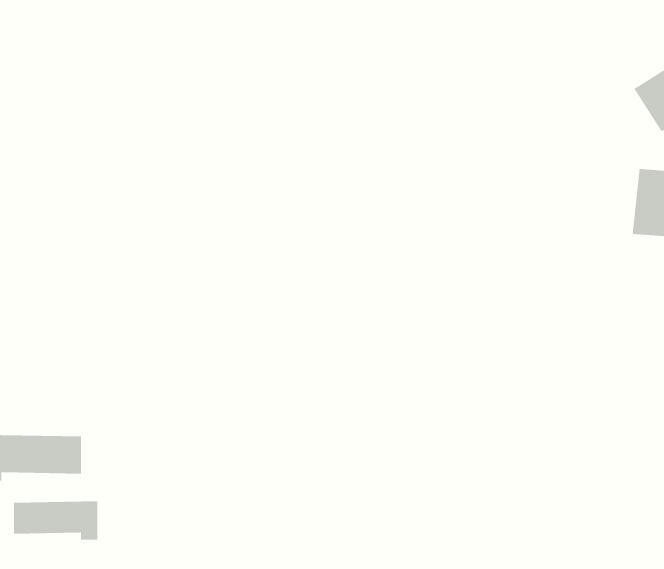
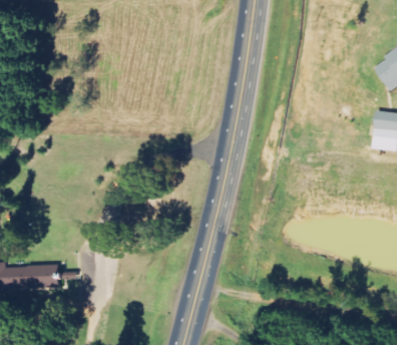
building: [14,501,98,540] -> none

